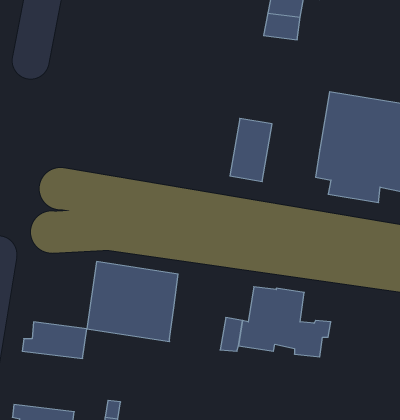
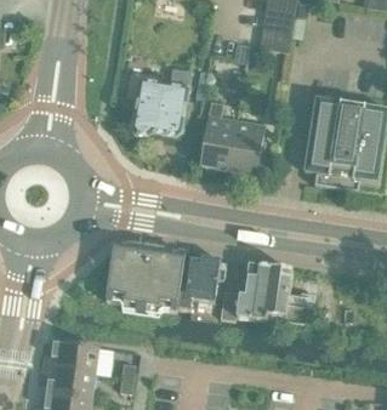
building: none -> [131,68,192,136]
building: none -> [200,99,238,167]
building: none -> [177,254,228,309]
building: [22,322,87,358] -> [42,340,98,371]

